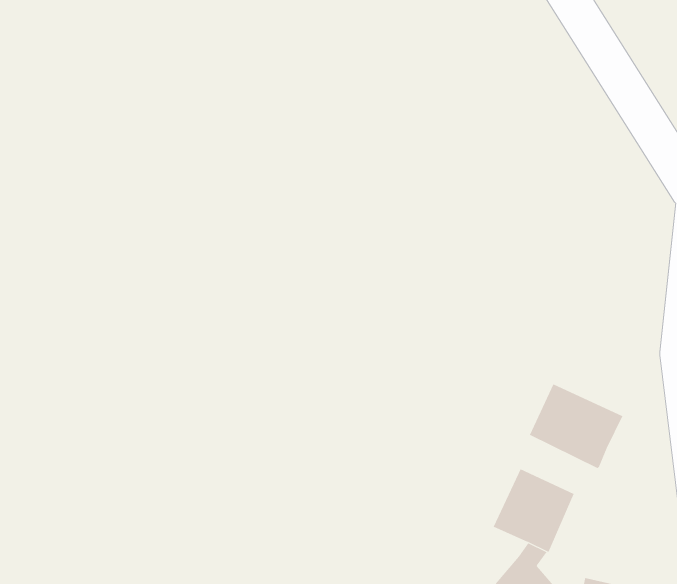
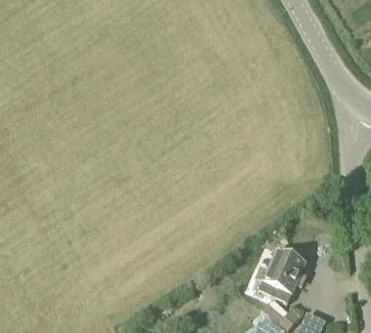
building: [529,383,623,469] -> none

